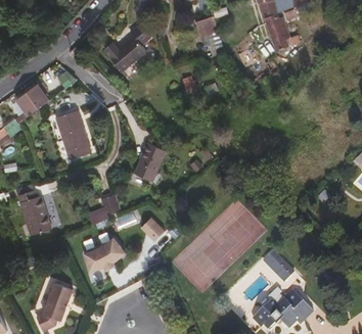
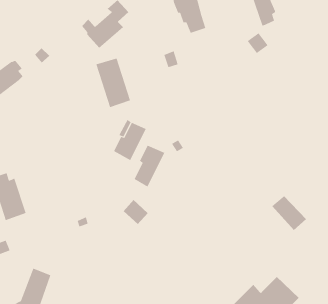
building: [57,107,91,155] -> [96,58,131,108]
building: none -> [134,145,165,188]
building: [88,193,122,224] -> none
building: [88,237,129,271] -> none
building: [262,248,296,282] -> [271,196,307,231]

